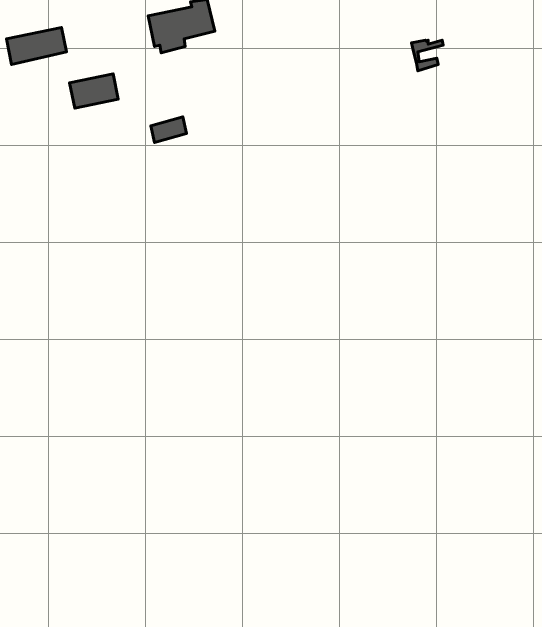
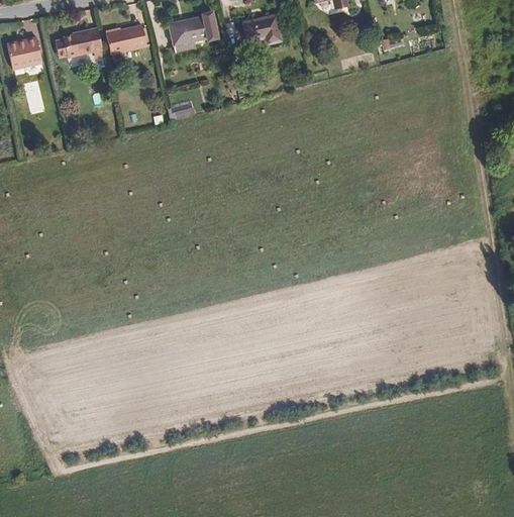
building: none -> [242,13,280,39]
building: [70,74,118,108] -> [107,27,145,55]

